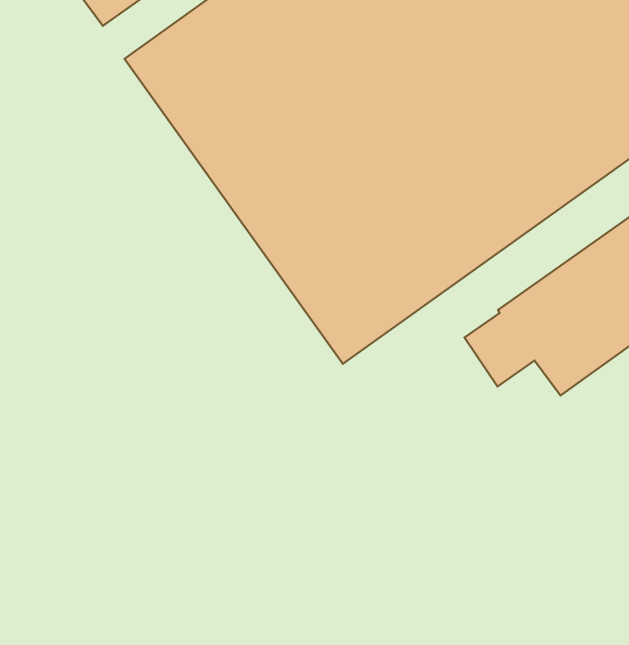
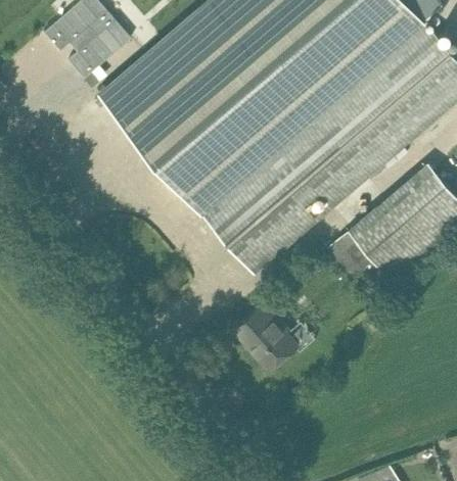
building: none -> [235,307,296,370]

